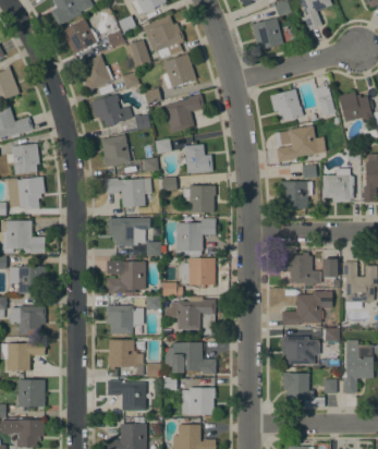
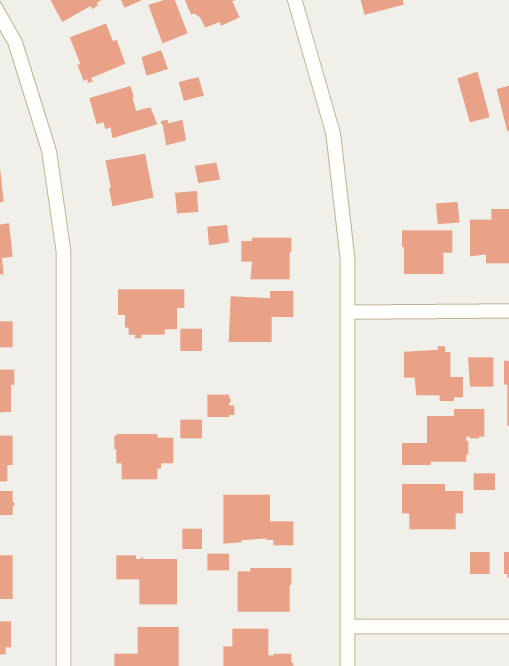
building: [162,52,196,88] -> none
building: [269,88,303,120] -> none
building: [164,93,205,132] -> none
building: [275,125,317,161] -> none
building: [184,144,212,173] -> none
building: [105,178,151,207] -> none
building: [181,254,215,284] -> none
building: [106,259,146,290] -> none
building: [164,296,215,335] -> none
building: [107,339,143,368] -> none
building: [282,371,324,405] -> none

